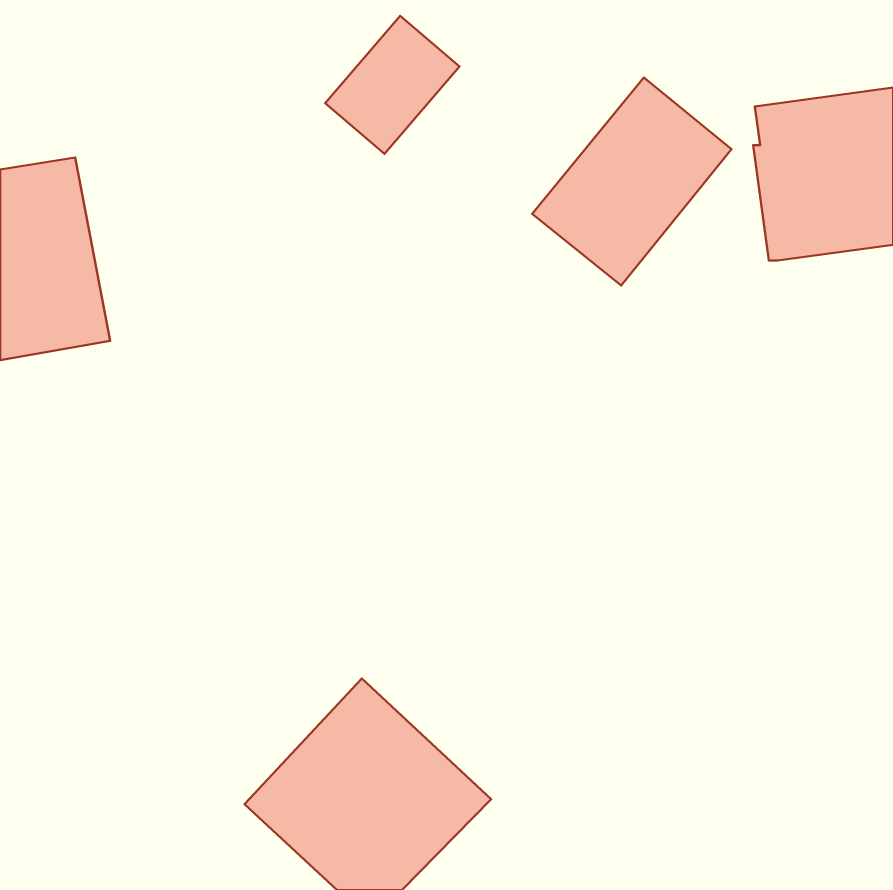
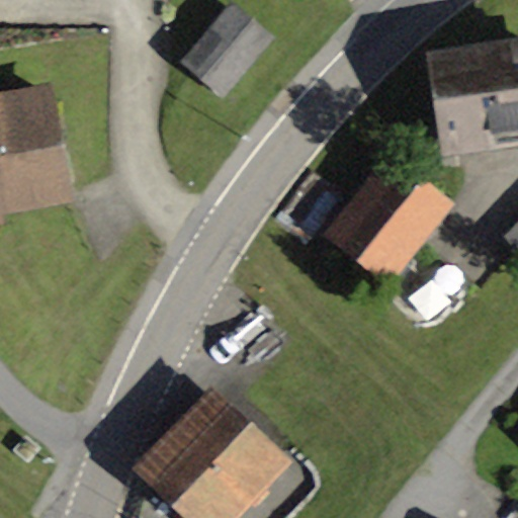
building: [532,78,731,286] -> [332,160,447,280]

